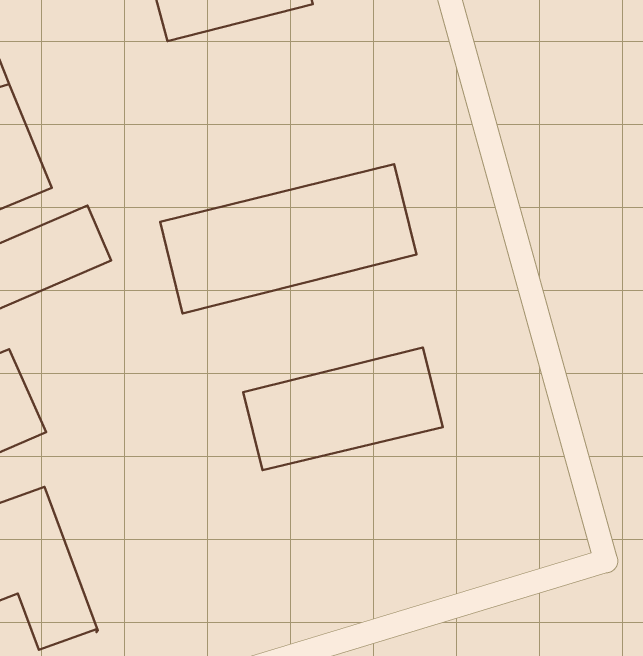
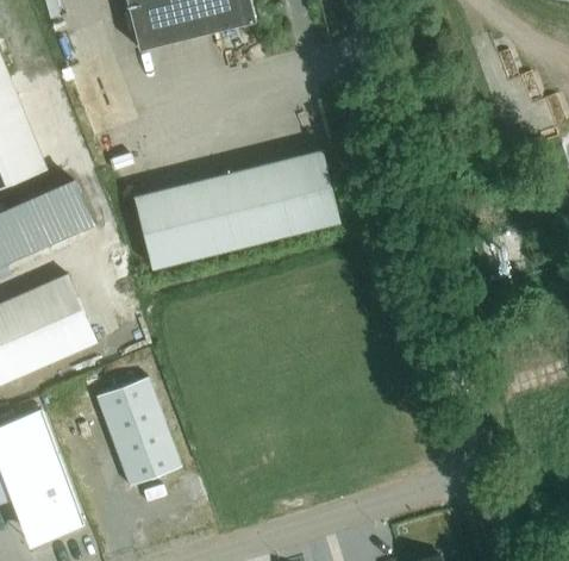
building: none -> [12,274,96,366]
building: [243,348,443,470] -> none
building: none -> [95,378,181,486]

